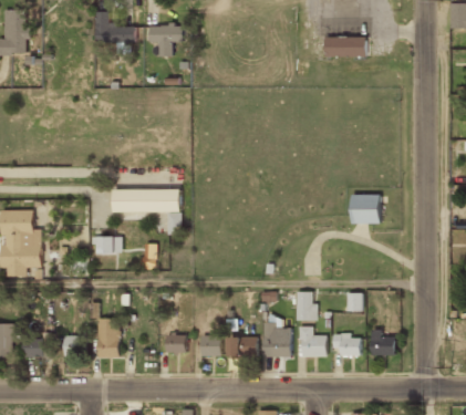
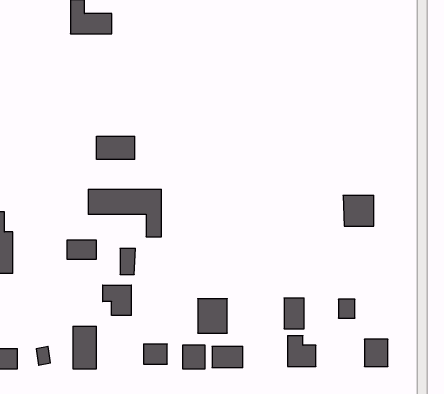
building: [149,24,183,56] -> none
building: [324,37,366,56] -> none
building: none -> [97,136,135,159]
building: none -> [103,285,131,315]
building: [262,324,290,356] -> [198,299,227,333]
building: [333,332,360,355] -> none

